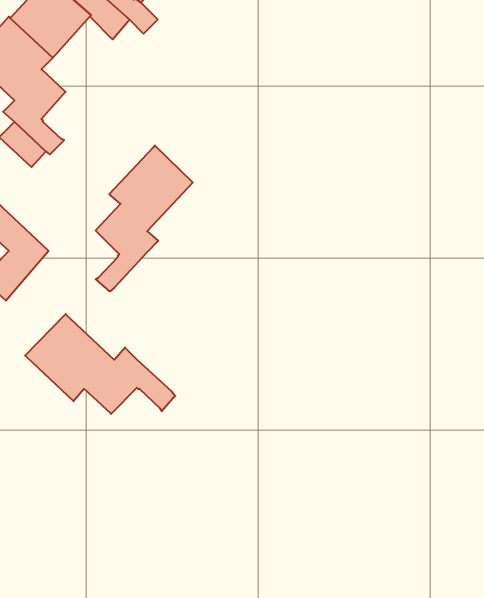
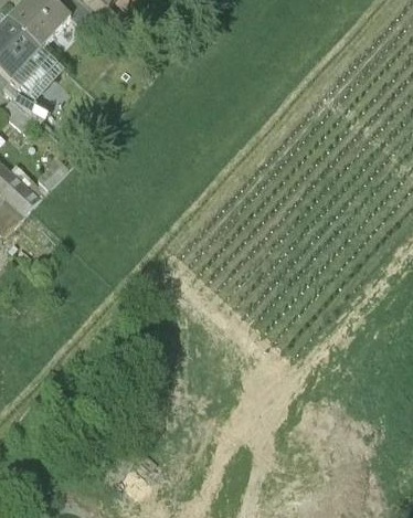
building: [96,145,193,291] -> none
building: [25,314,175,414] -> none

